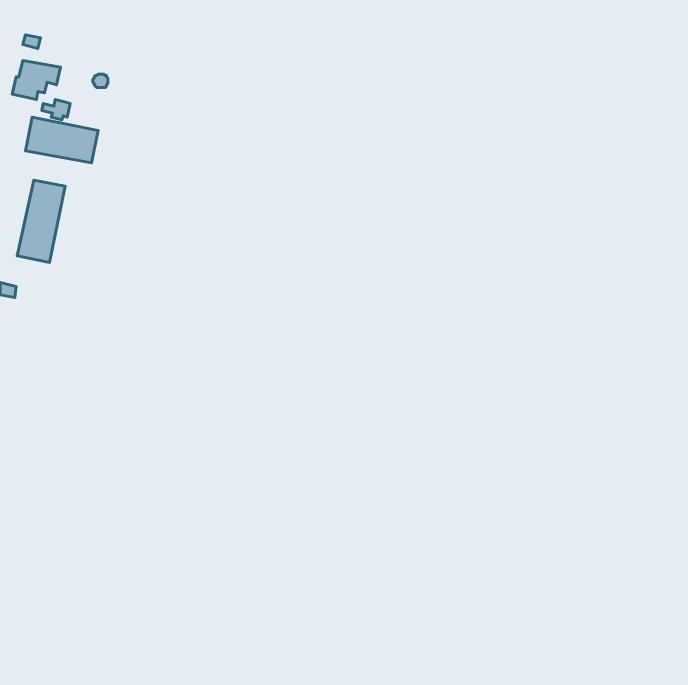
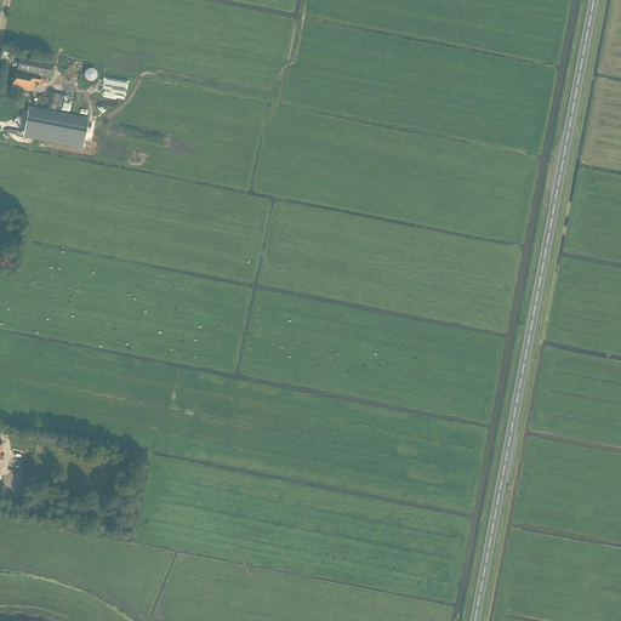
building: [17,180,65,263] -> none

